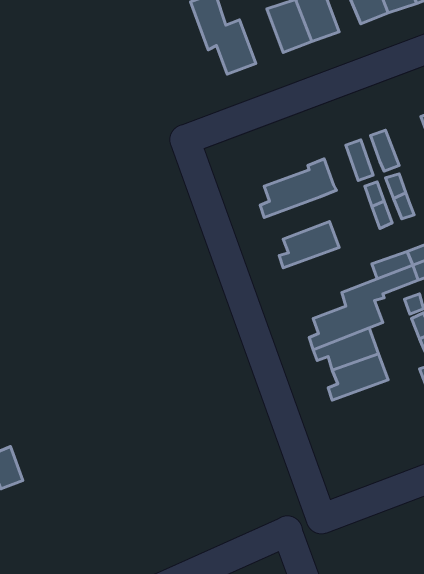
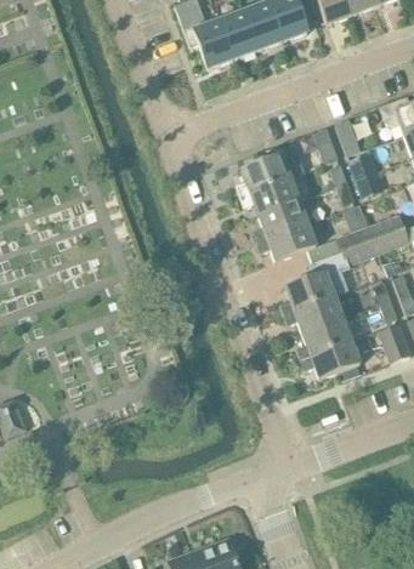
building: none -> [219,10,257,58]
building: none -> [240,177,299,215]
building: none -> [257,222,316,261]
building: none -> [301,340,359,379]

